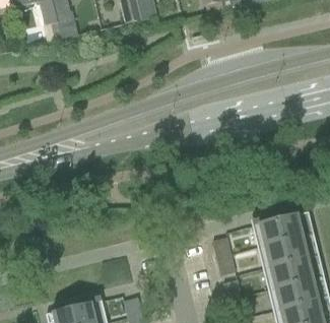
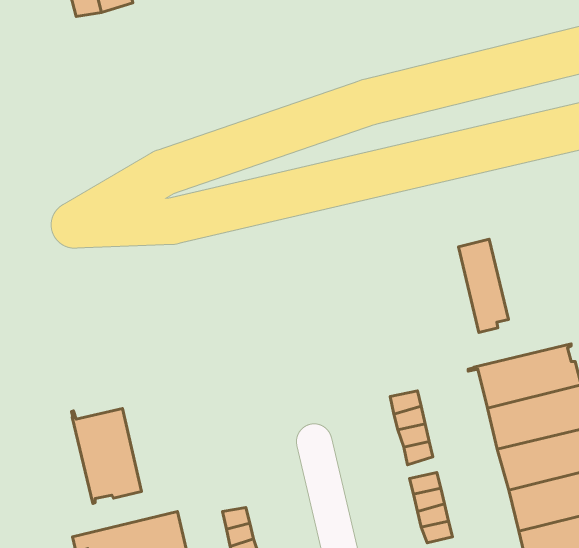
building: none -> [459,239,509,333]
building: none -> [71,408,141,503]

